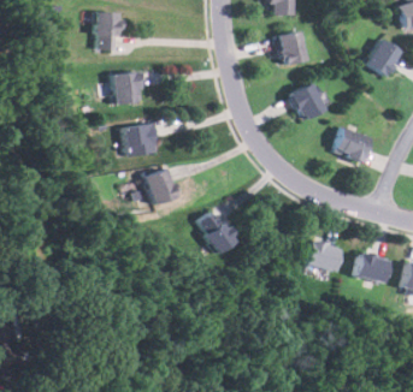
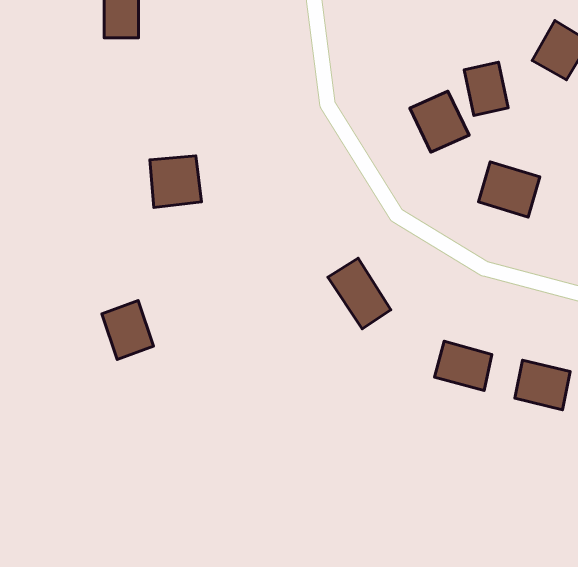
building: [279,31,307,65] -> [464,62,508,115]
building: [113,73,141,102] -> none
building: [146,168,178,206] -> [102,300,153,360]
building: [196,209,236,254] -> [328,258,391,329]

